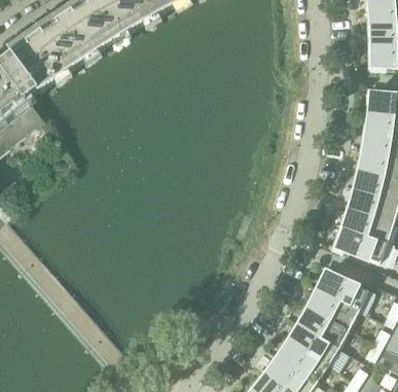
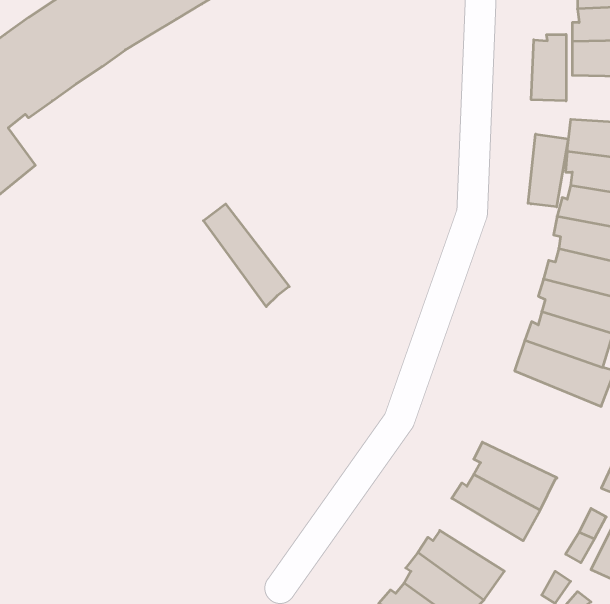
building: none -> [531,34,566,101]
building: none -> [528,134,568,207]
building: none -> [203,204,289,307]
building: [314,265,374,310] -> none
building: [288,318,338,362] -> none

